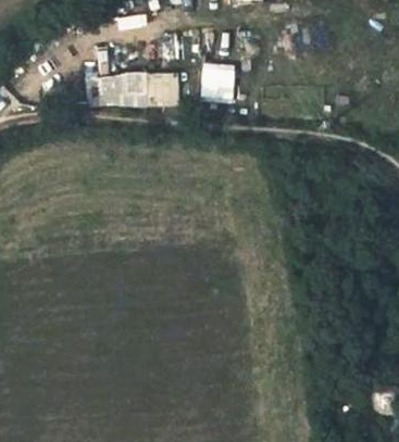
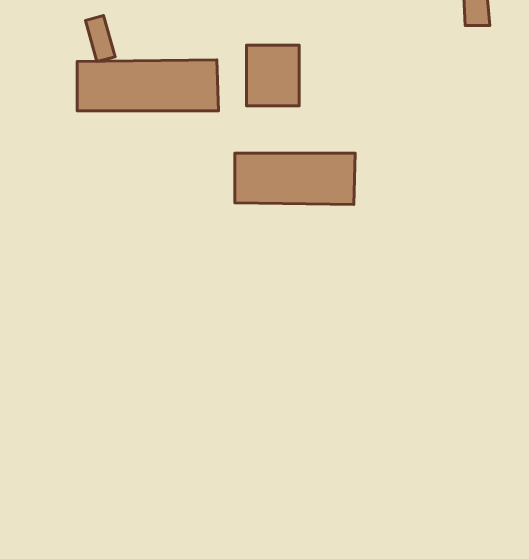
building: none -> [235,153,355,204]

